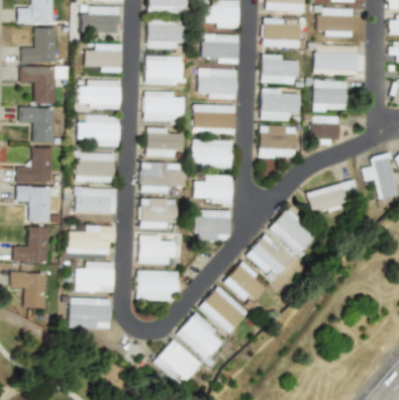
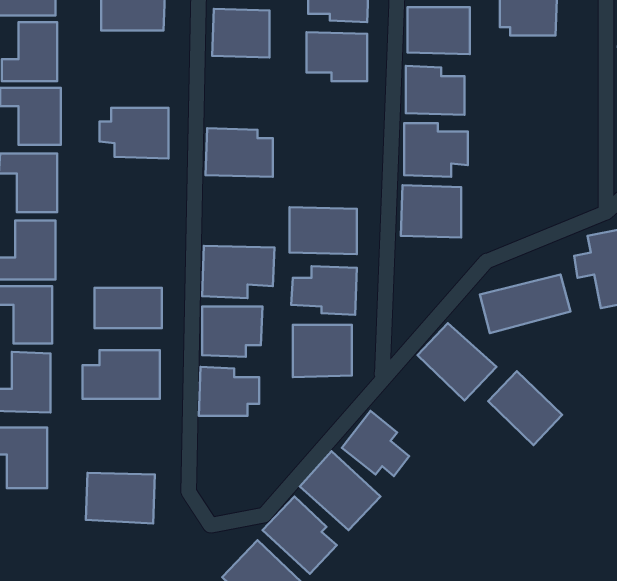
building: [85,42,121,72] -> none
building: [315,45,359,74] -> none
building: [144,55,184,85] -> none
building: [198,67,238,99] -> none
building: [314,80,347,110] -> none
building: [193,104,236,133] -> none
building: [78,115,119,144] -> none
building: [311,115,340,142] -> none
building: [145,127,183,157] -> none
building: [76,151,114,182] -> none
building: [246,236,291,281] -> [488,371,562,445]
building: [76,261,114,291] -> none
building: [136,270,179,300] -> none

